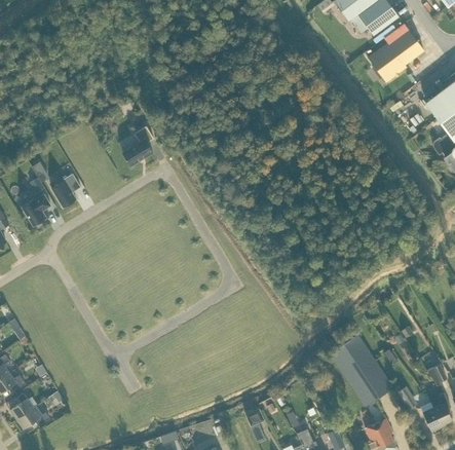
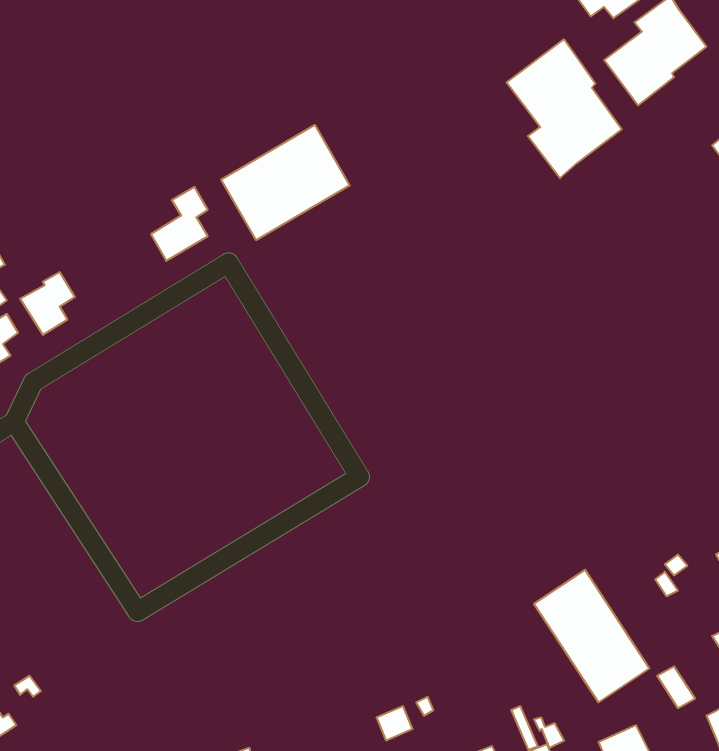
building: none -> [507,39,622,178]
building: none -> [221,125,350,240]

